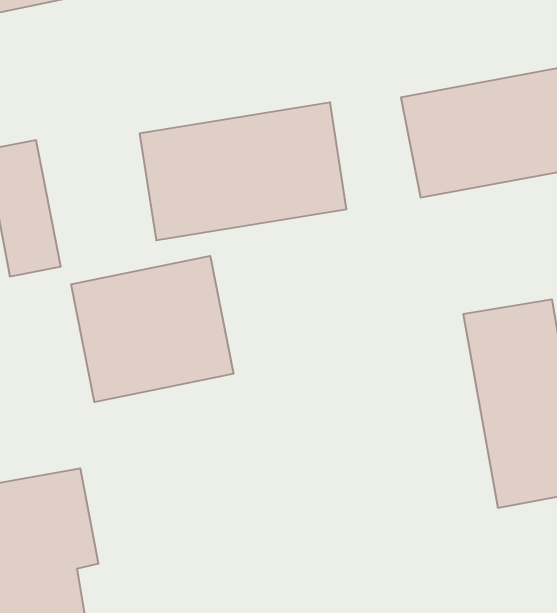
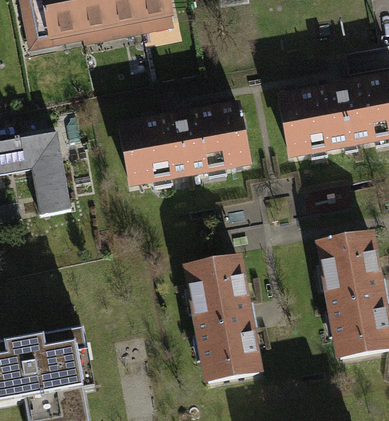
building: [71,256,233,402] -> none
building: none -> [183,259,261,385]

